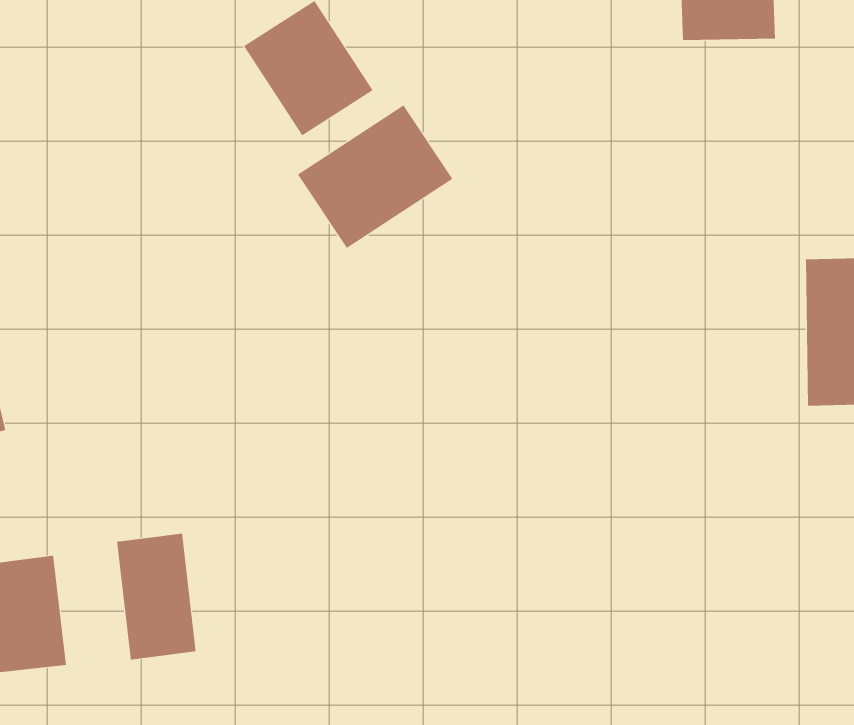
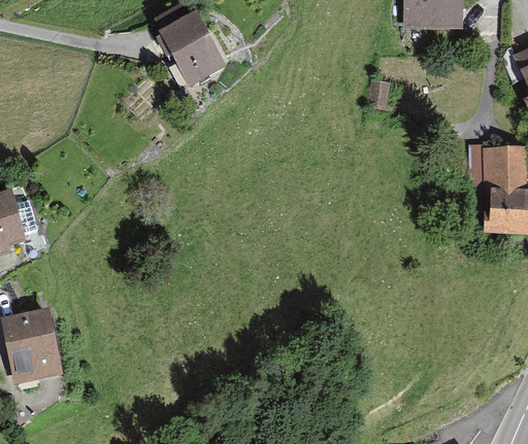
building: [297,105,453,249] -> none
building: [117,533,196,660] -> none

